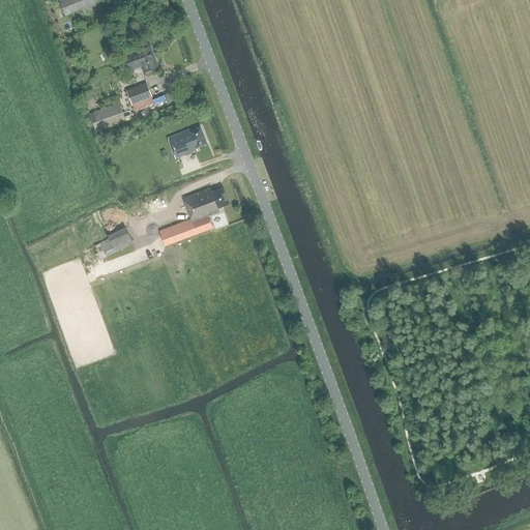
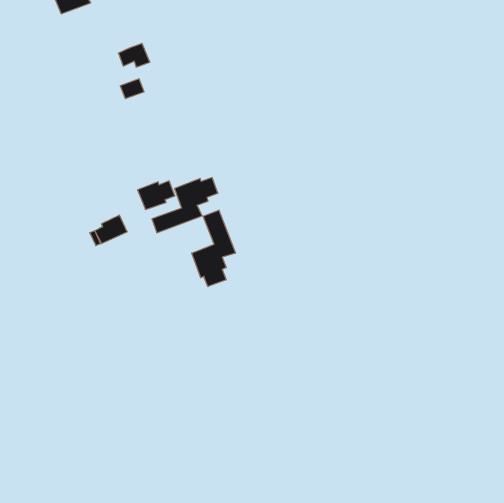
building: [89,102,125,130] -> none
building: [167,127,206,157] -> [138,181,175,210]
building: none -> [192,210,235,287]

